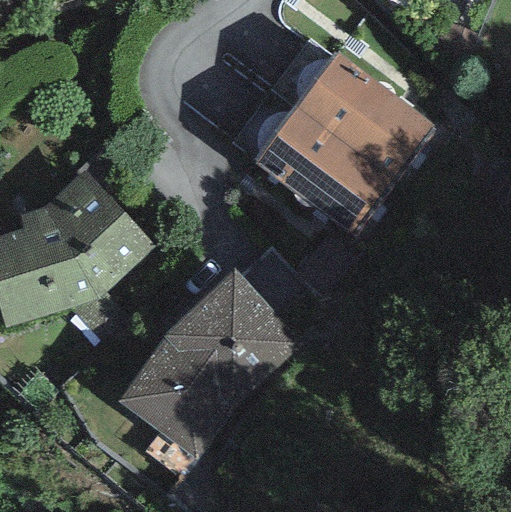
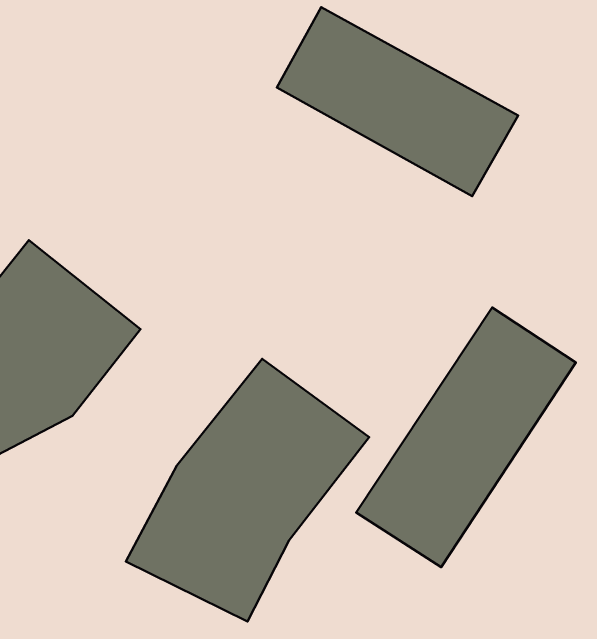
building: [235,89,397,241] -> none
building: none -> [356,307,576,567]

